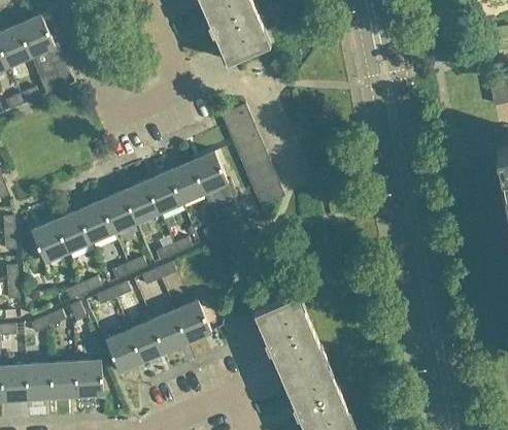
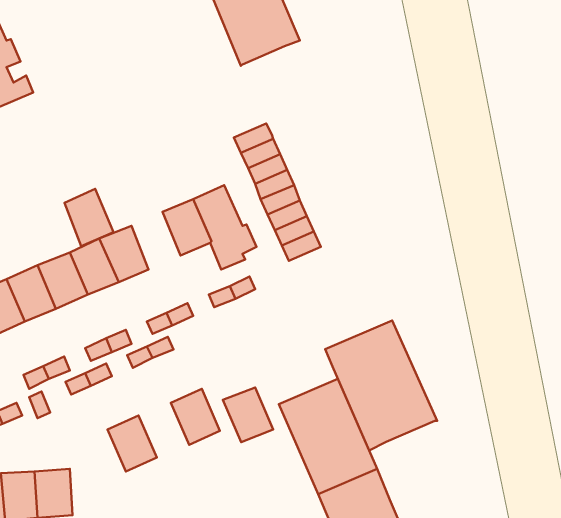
building: [145,171,181,213] -> [64,189,114,246]
building: none -> [325,321,437,450]
building: [150,311,188,352] -> [223,387,273,442]
building: [105,331,141,372] -> none

